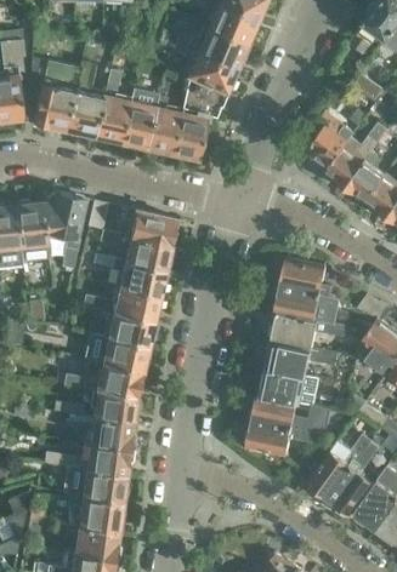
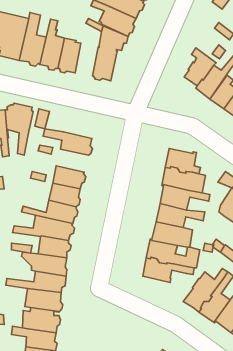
building: [147,97,181,156] -> none
building: [123,210,177,246] -> none
building: [119,262,166,296] -> none

